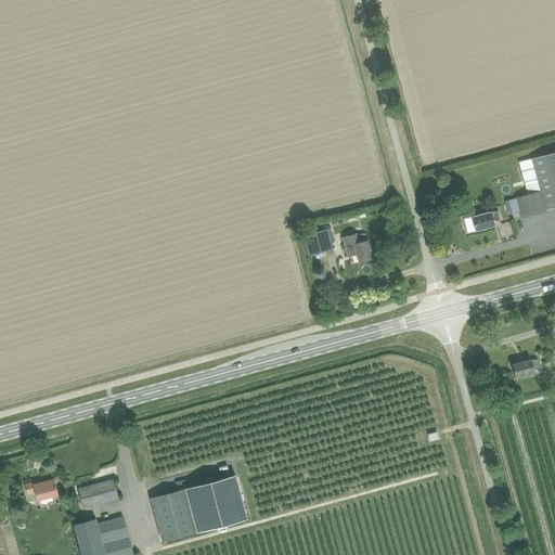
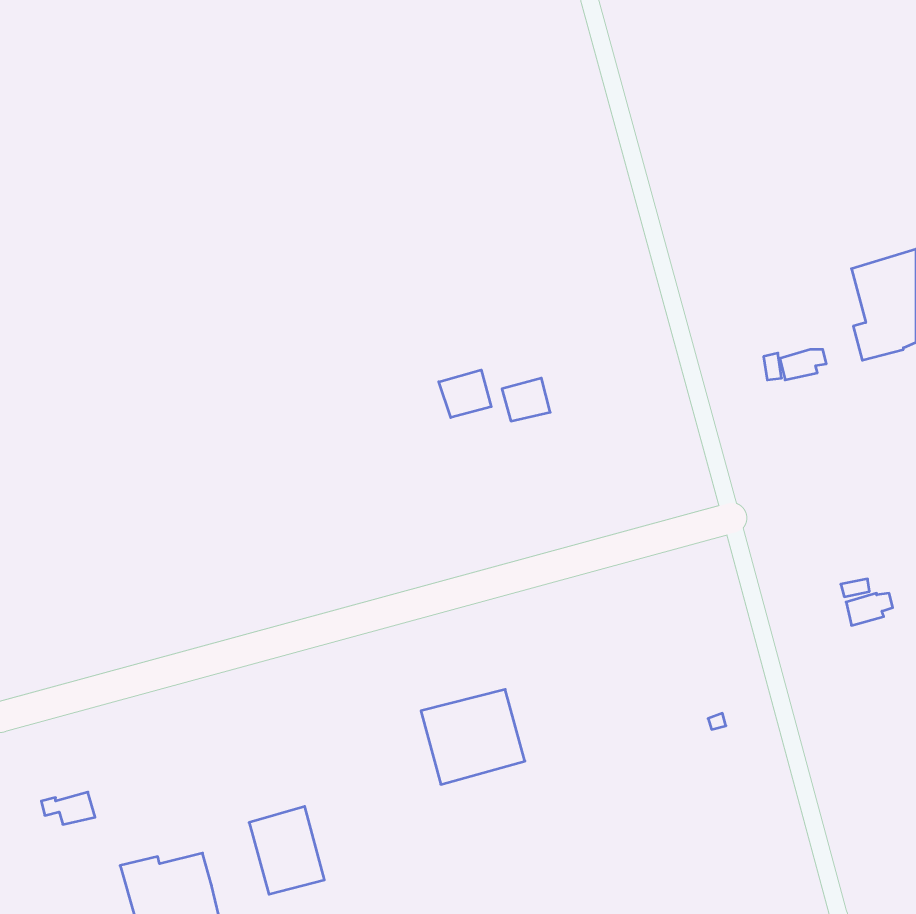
building: none -> [439,370,491,418]
building: [343,234,373,263] -> none
building: [184,476,247,533] -> [421,689,525,784]
building: [78,480,118,508] -> none

